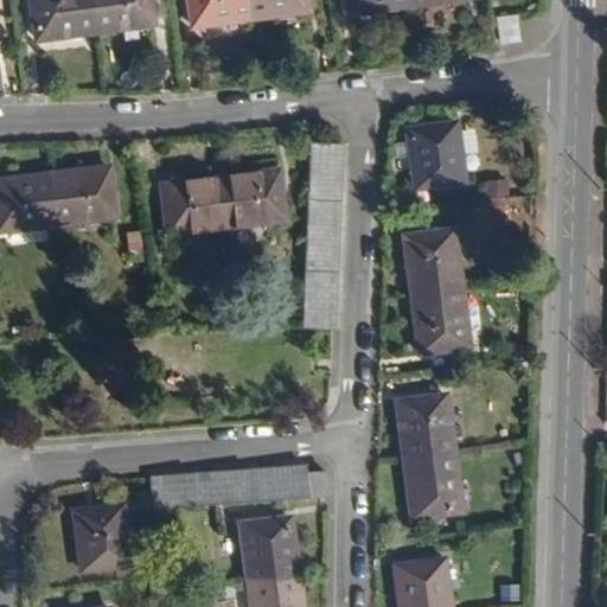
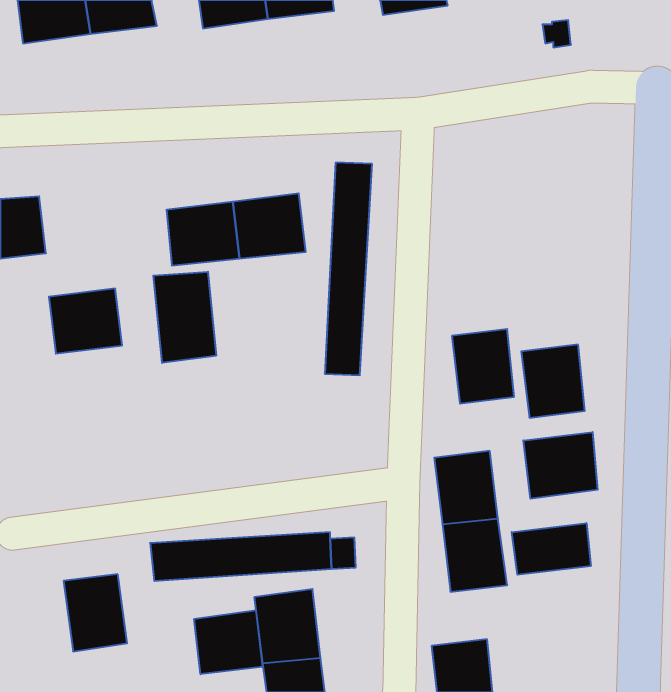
building: [408,121,466,189] -> none
building: [52,165,116,222] -> [49,289,122,354]
building: [407,230,462,294] -> [521,345,585,418]
building: none -> [153,272,216,363]
building: none -> [523,432,598,499]
building: none -> [512,523,591,575]
building: none -> [194,610,262,674]

